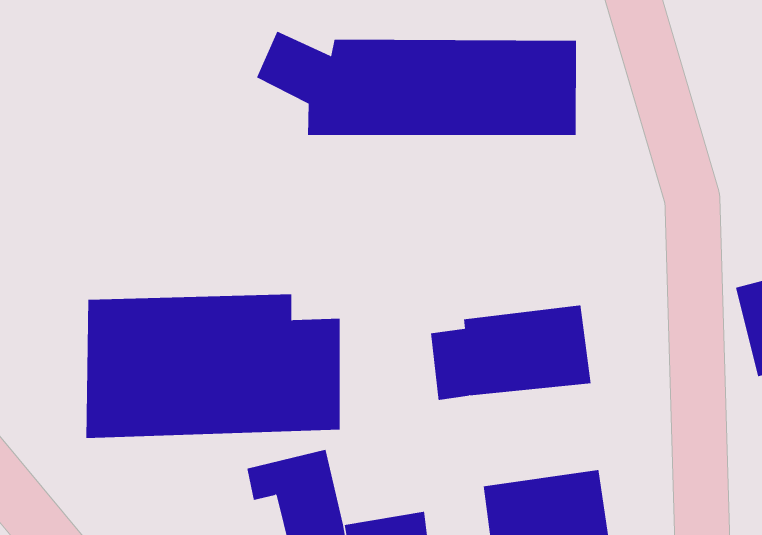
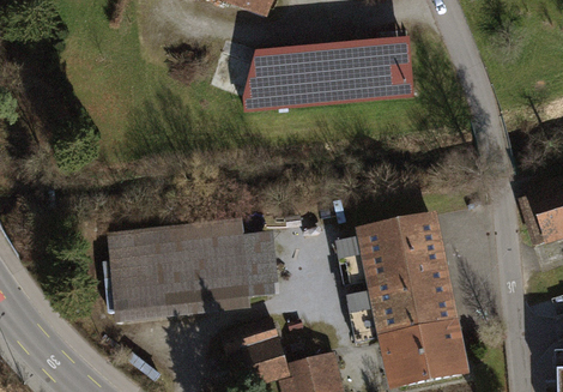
building: none -> [341,258,450,334]

